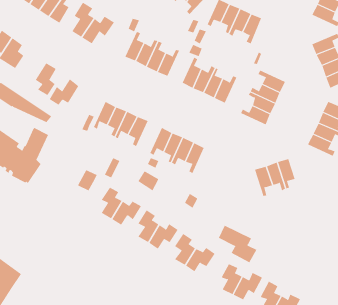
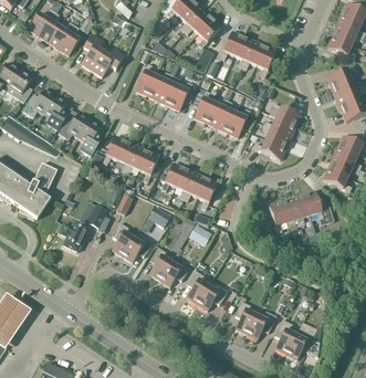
building: none -> [21,88,54,117]
building: none -> [77,119,101,156]
building: none -> [303,190,334,224]
building: none -> [56,219,88,251]
building: [218,225,257,263] -> none

